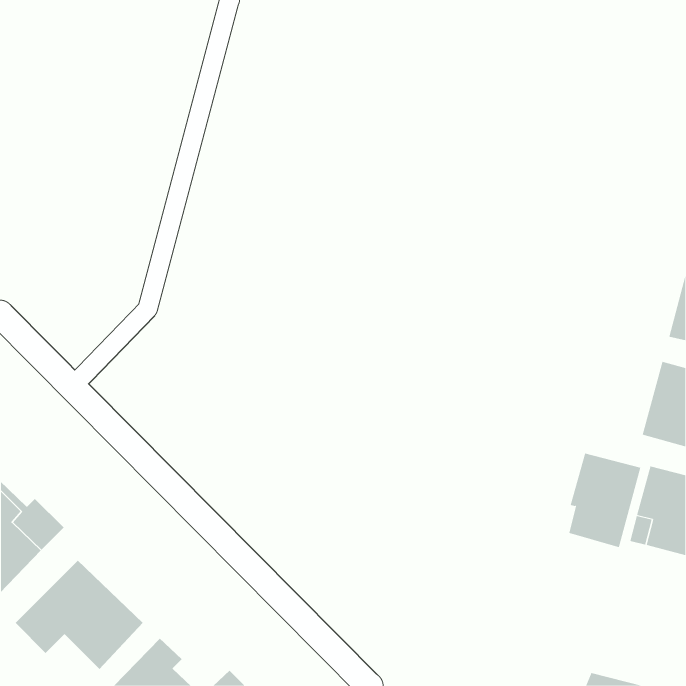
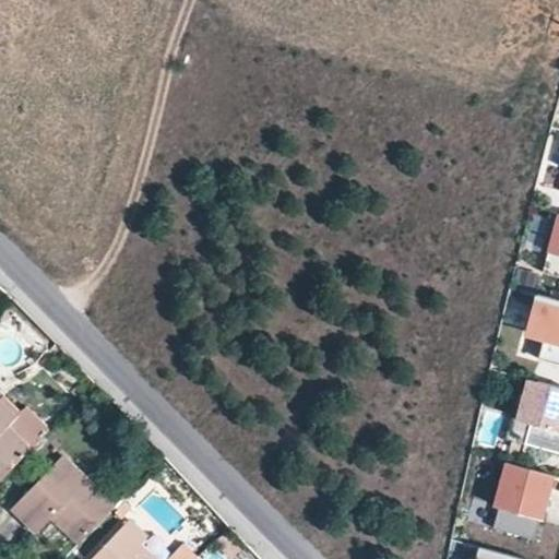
building: [569,453,641,548] -> [493,462,552,539]

